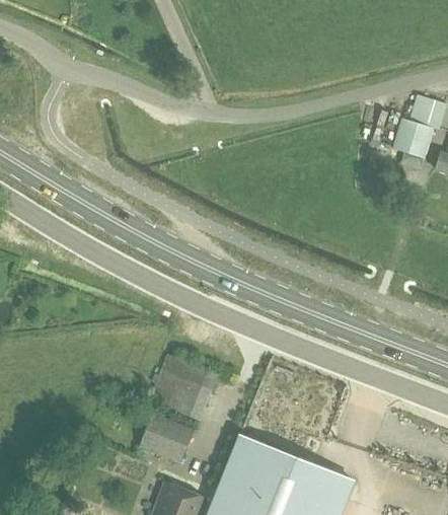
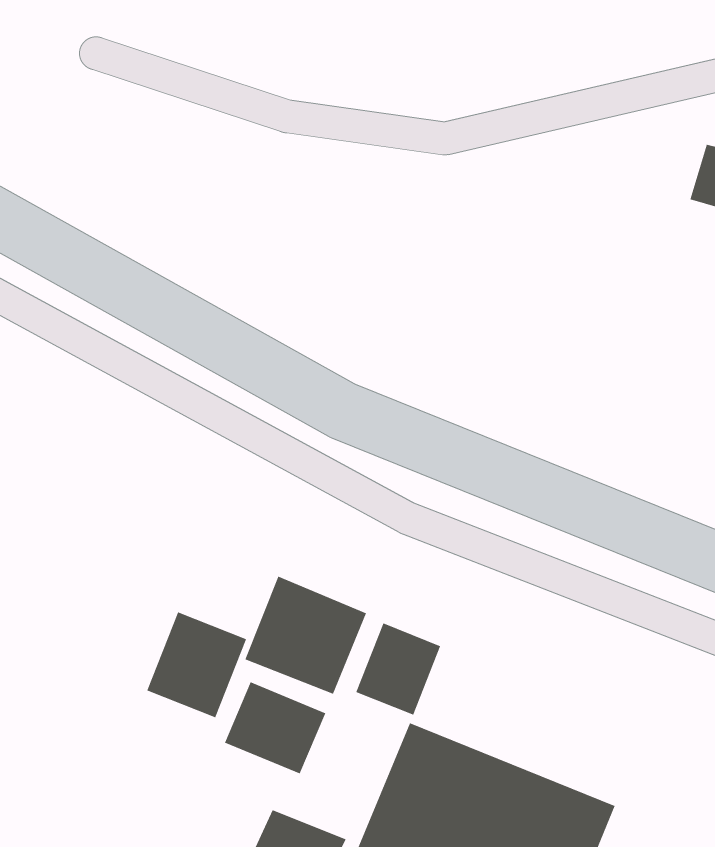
building: none -> [147,611,247,718]
building: none -> [356,623,441,716]

